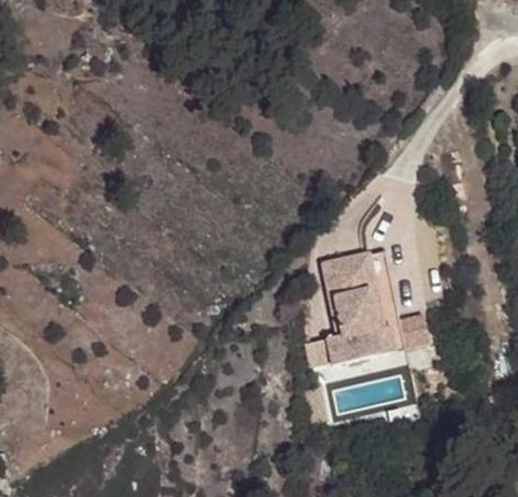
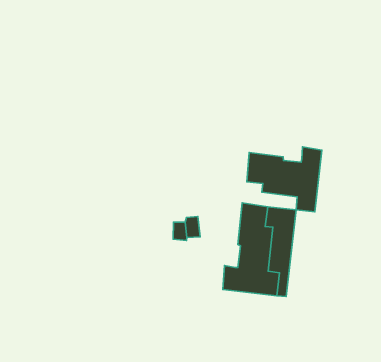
building: none -> [247,147,322,212]

